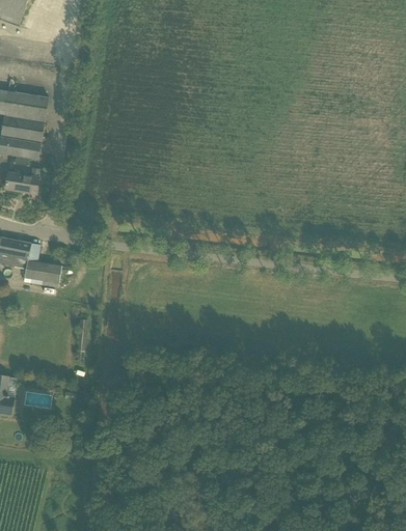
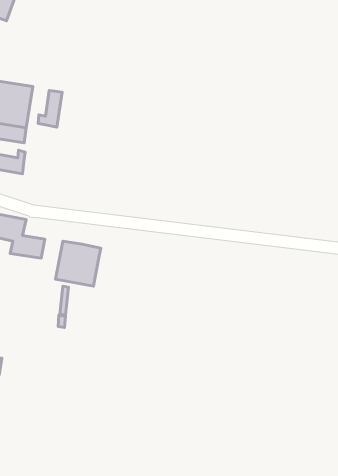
building: none -> [38,91,62,127]
building: none -> [56,241,101,286]

